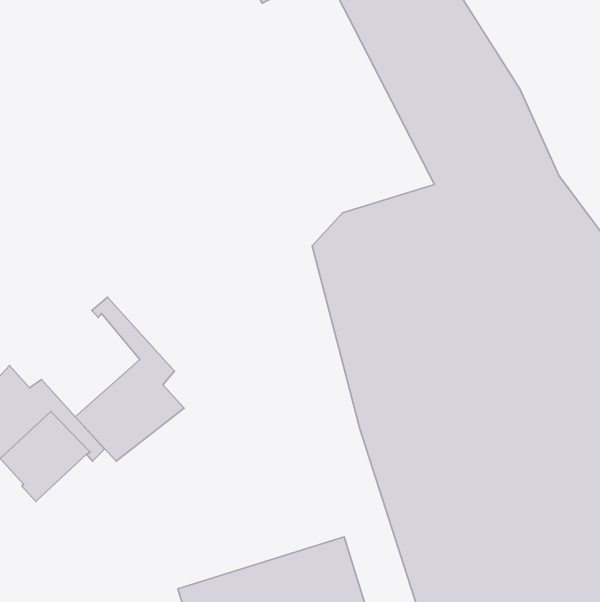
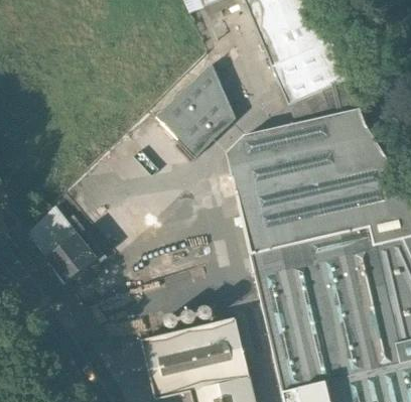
building: none -> [157,65,238,159]
building: [75,297,184,461] -> none

